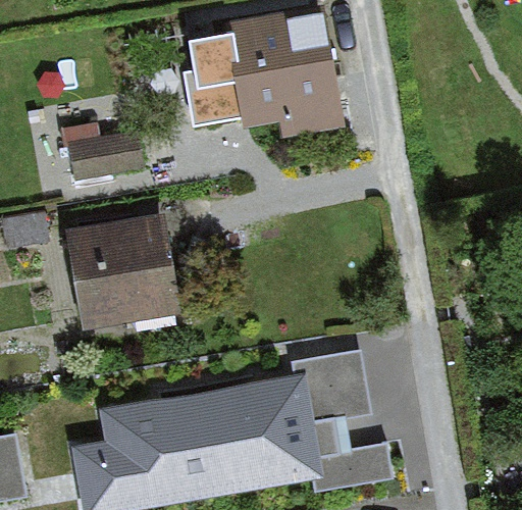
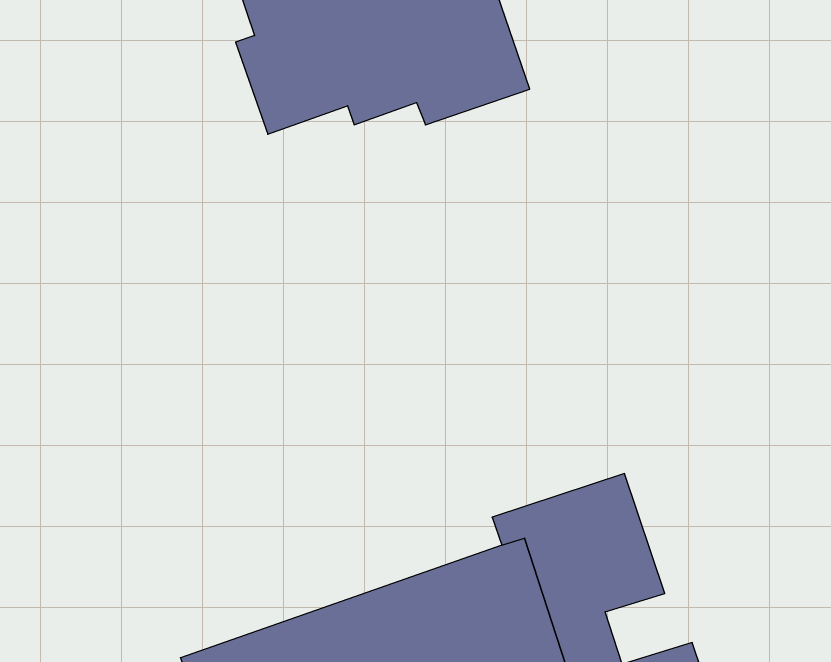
building: [57,122,143,183] -> none
building: [65,212,182,332] -> none

